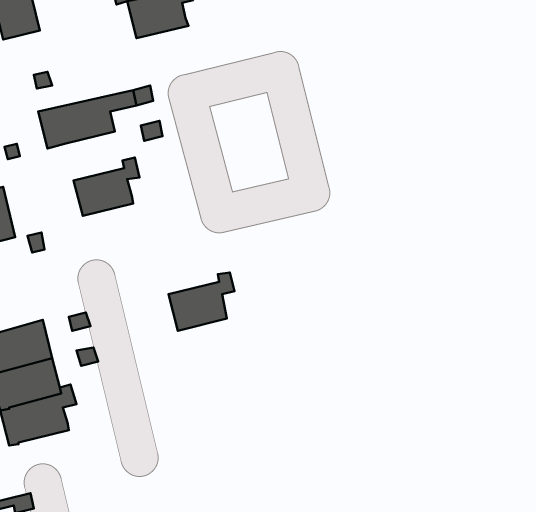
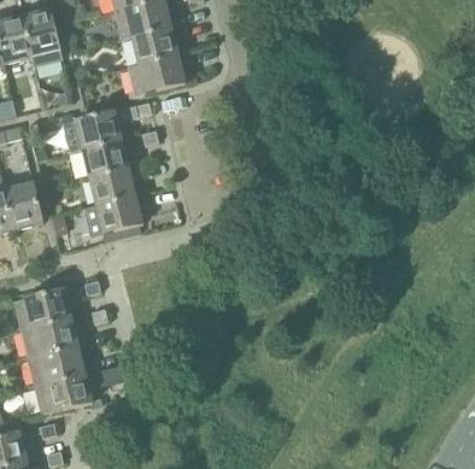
building: none -> [125,46,187,95]
building: none -> [78,137,125,176]
building: [169,273,235,331] -> [93,187,145,233]
building: none -> [35,364,94,412]

